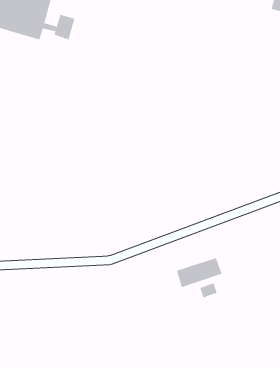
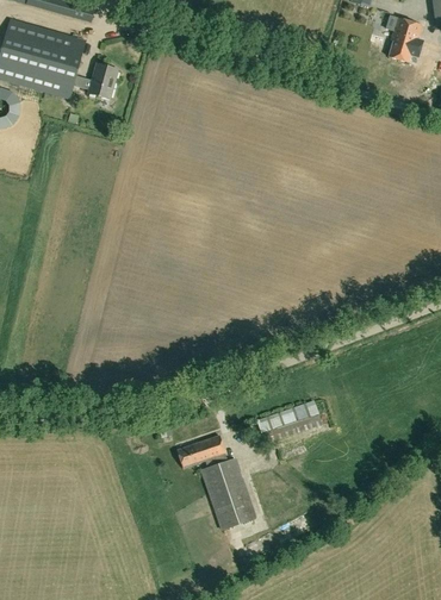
building: none -> [176,433,255,527]

